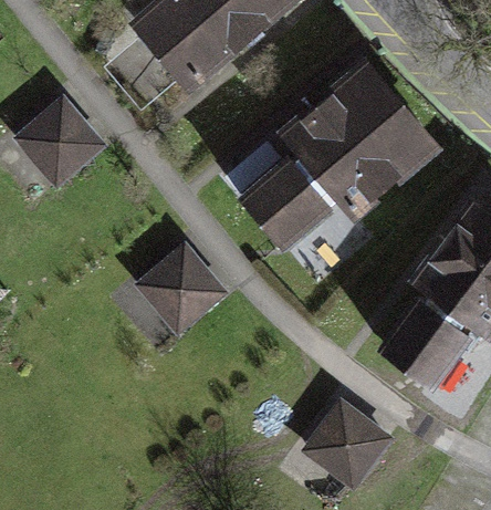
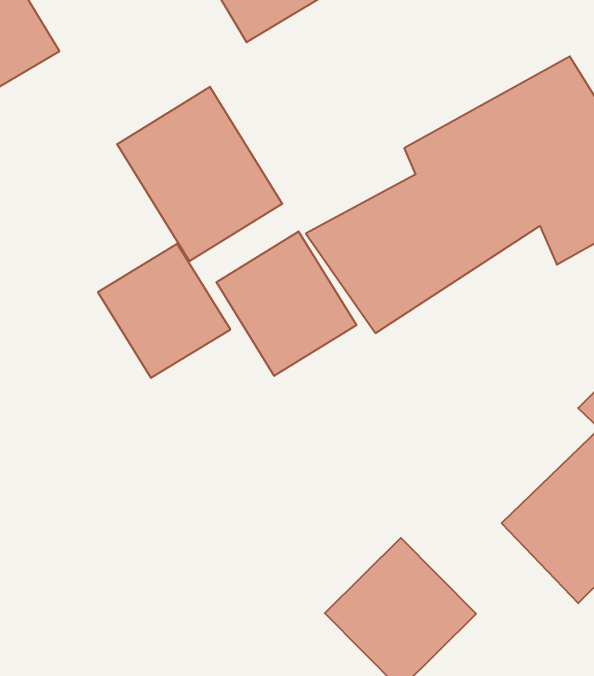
building: none -> [117,87,282,261]
building: none -> [216,231,356,376]

